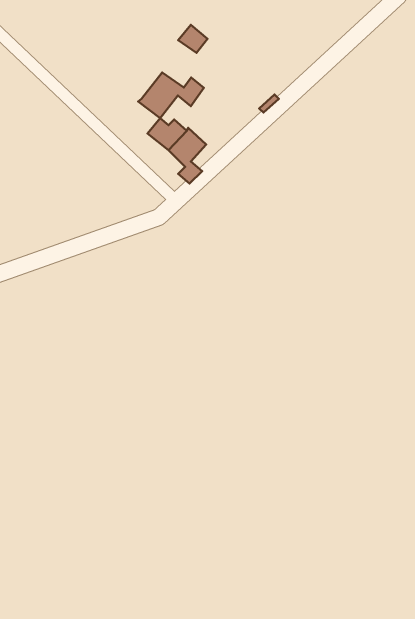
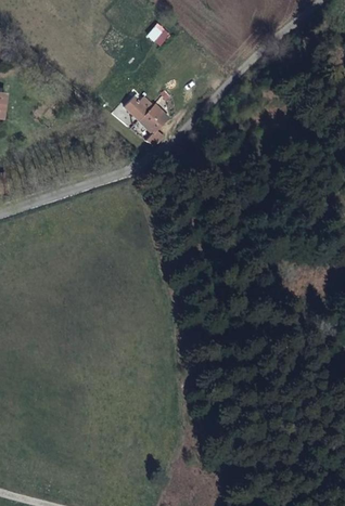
building: [138,72,204,118] -> none

